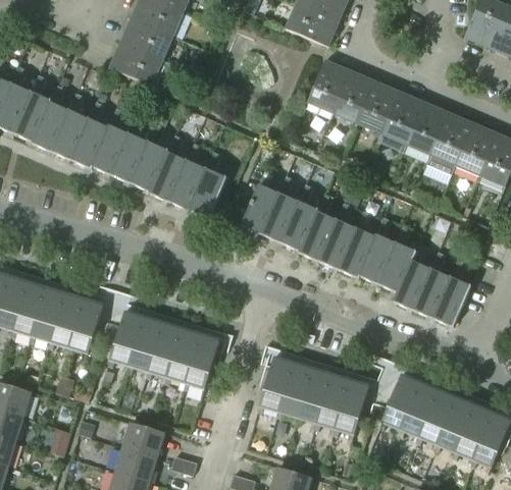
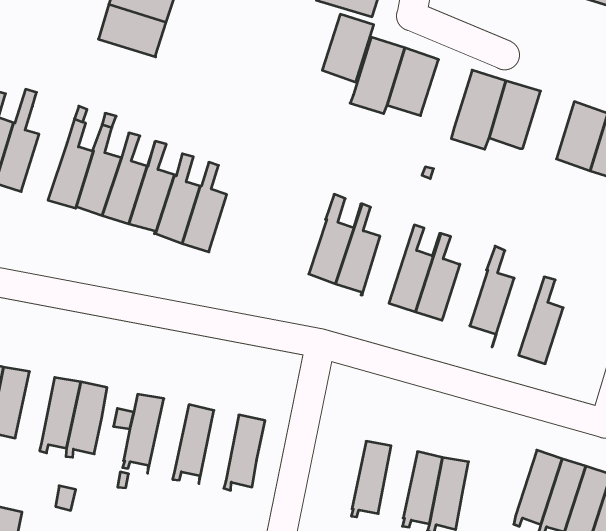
building: [108,42,171,88] -> none
building: [356,80,398,132] -> [322,14,374,82]
building: [51,92,89,159] -> none
building: [426,111,472,172] -> none
building: [188,150,225,217] -> none
building: [242,166,278,232] -> none
building: [300,195,344,260] -> none
building: [359,216,396,282] -> none
building: [394,241,438,308] -> none
building: [432,258,470,325] -> none
building: [29,286,63,342] -> none
building: [126,316,162,372] -> none
building: [164,328,199,383] -> none
building: [258,356,293,412] -> none
building: [295,367,330,424] -> none
building: [379,373,420,428] -> none

